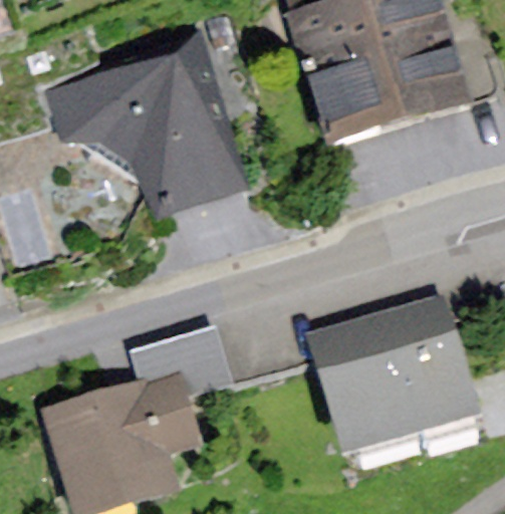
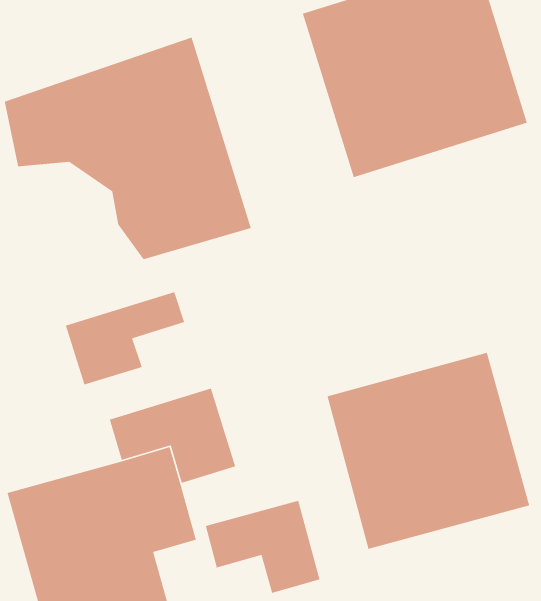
building: none -> [65,291,185,386]
building: none -> [205,500,320,594]

